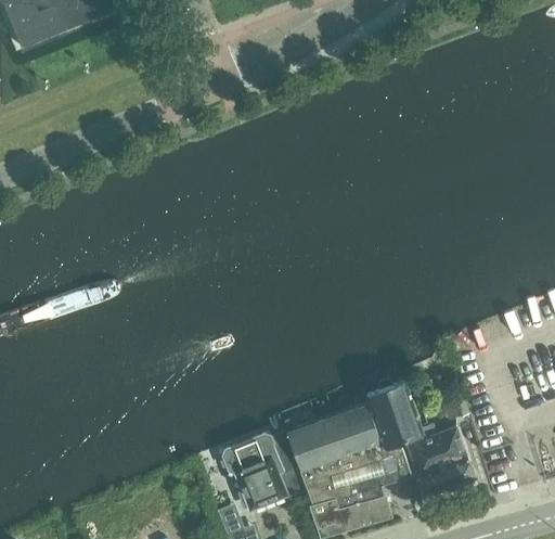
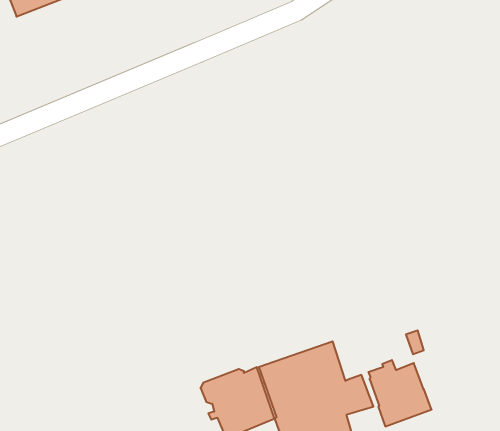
building: [366,381,423,446] -> none

